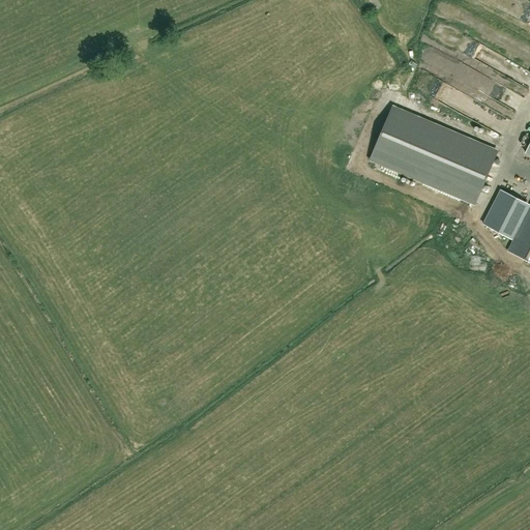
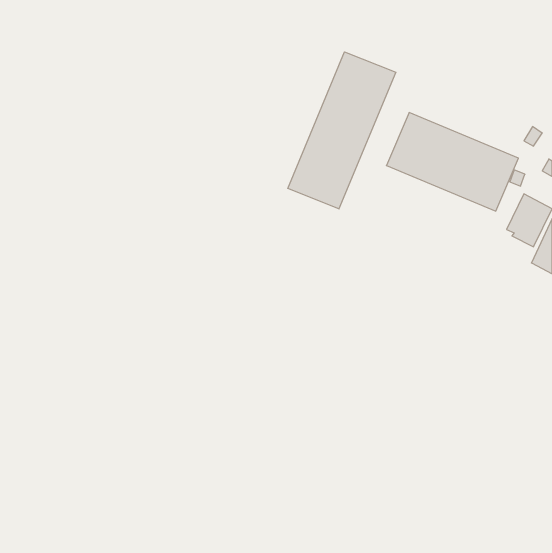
building: none -> [288,52,396,209]

